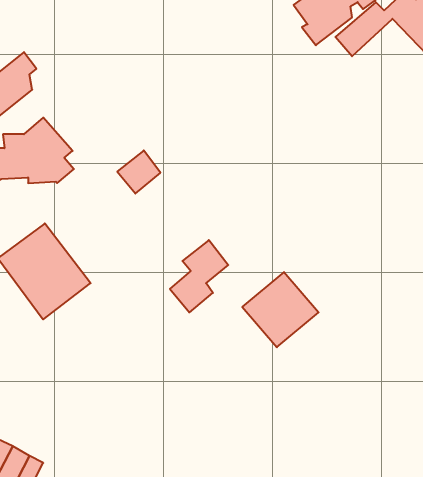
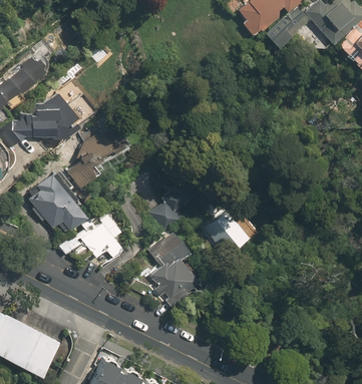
building: [117,150,160,194] -> [66,157,97,188]
building: none -> [78,214,124,259]
building: none -> [147,234,200,307]

